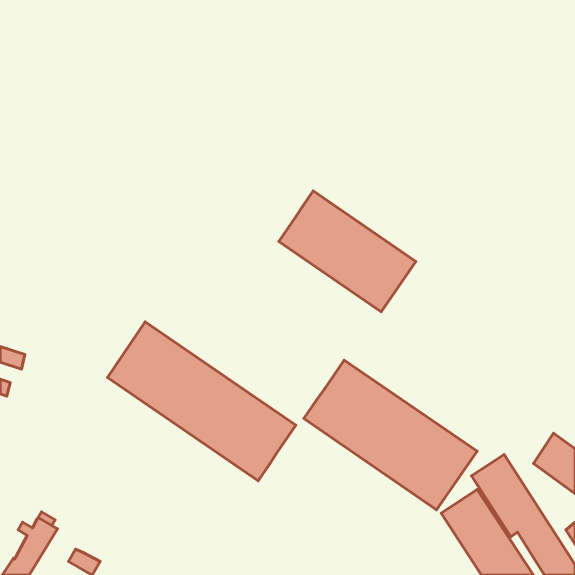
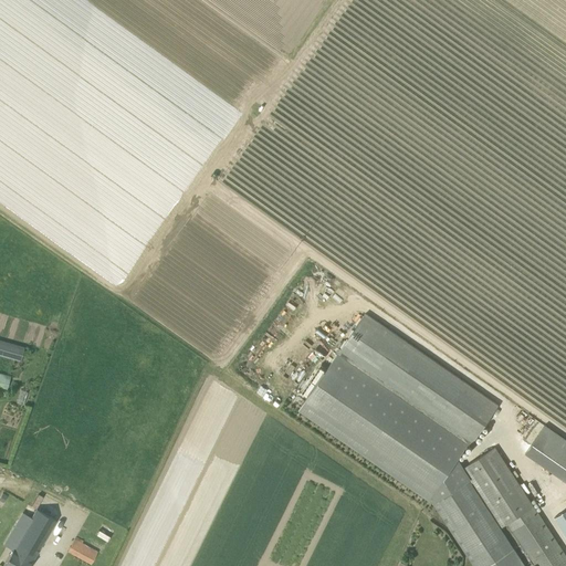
building: [279,191,416,312] -> none
building: none -> [338,314,497,444]
building: [108,322,296,481] -> none

